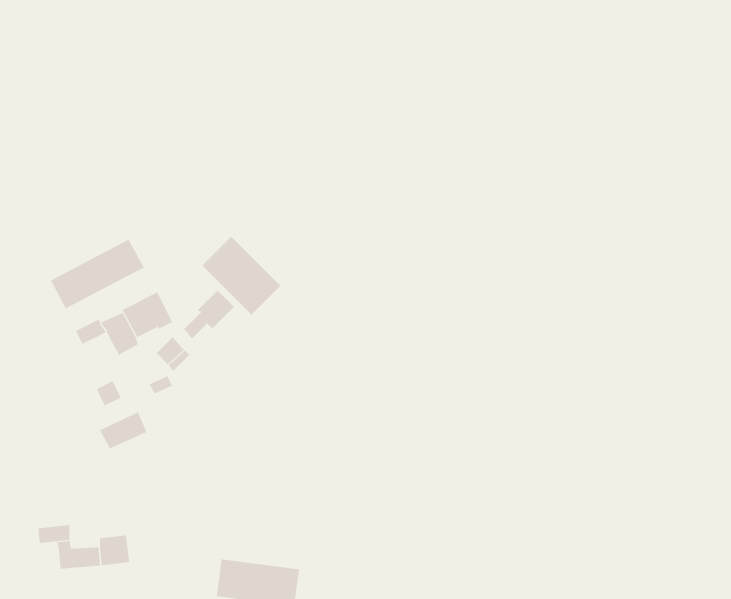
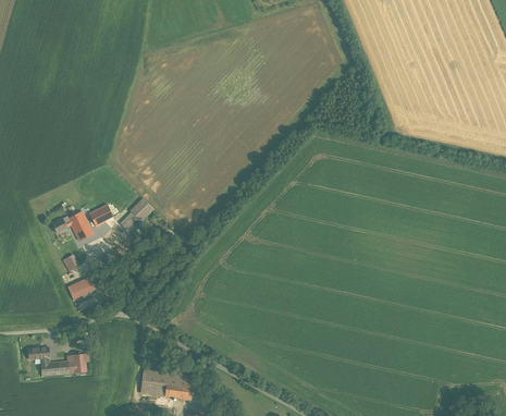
building: [201,236,281,316] -> none
building: [50,239,145,309] -> none

